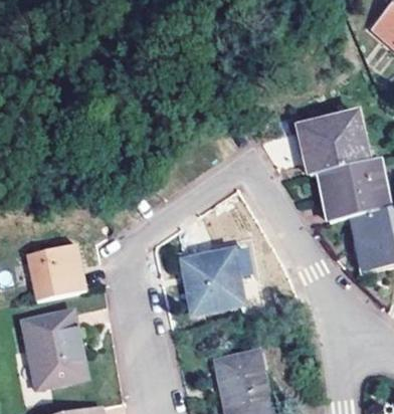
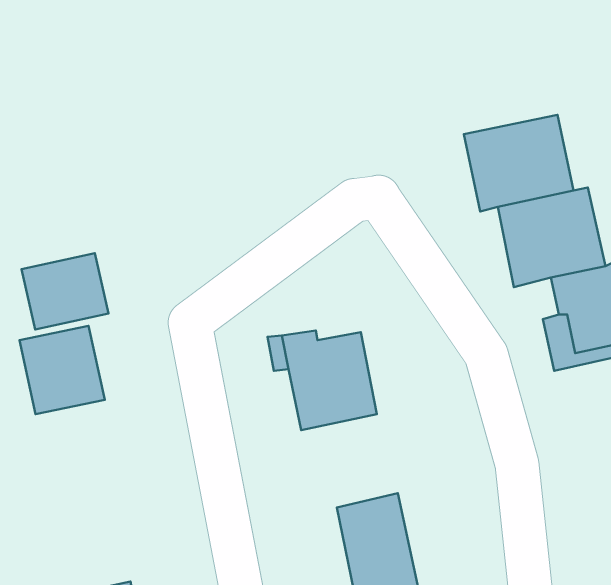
building: none -> [21,253,108,329]
building: [21,308,83,386] -> none

